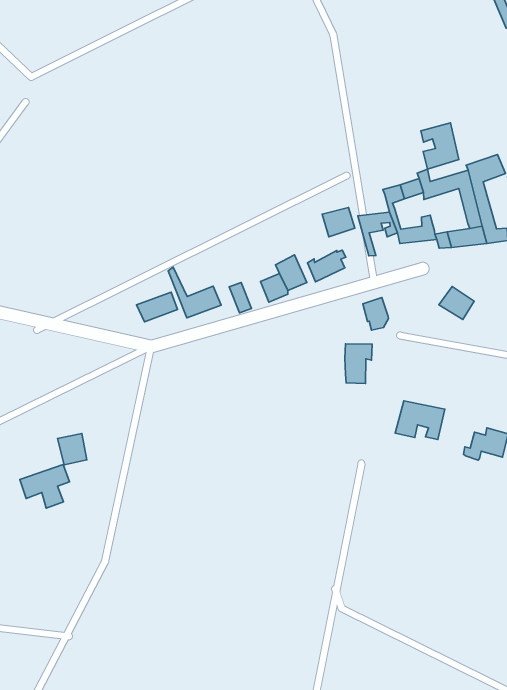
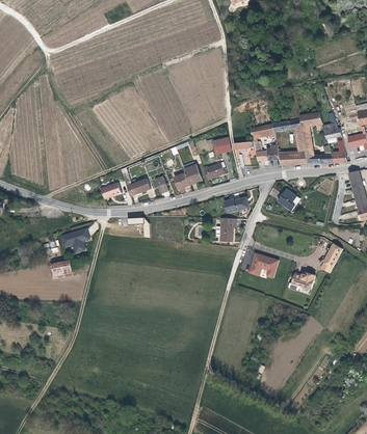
building: [421,123,459,169] -> none
building: [20,465,69,508] -> [61,227,90,252]

